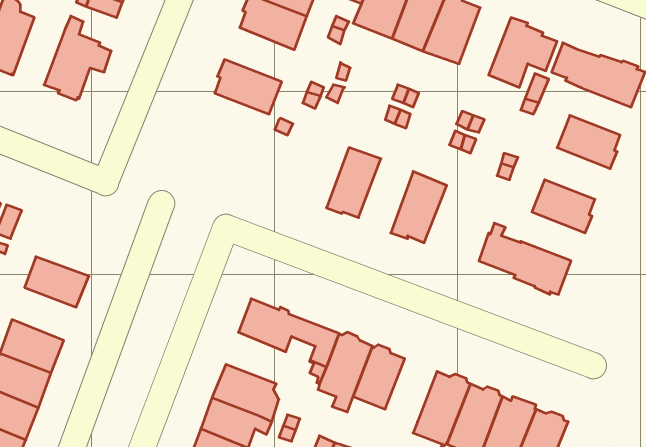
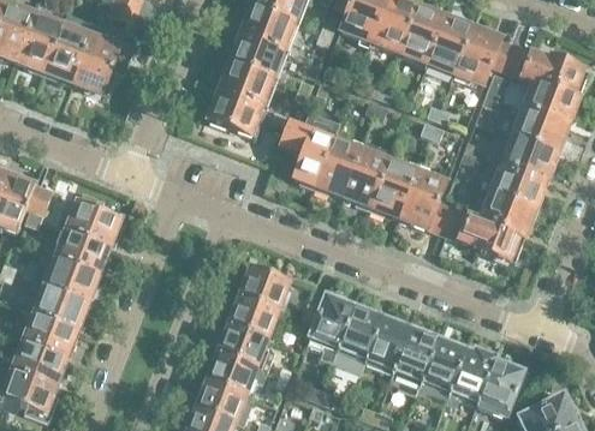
building: none -> [429,16,474,73]
building: none -> [46,24,90,82]
building: none -> [227,32,287,79]
building: none -> [524,84,577,125]
building: none -> [208,89,266,136]
building: none -> [280,119,334,187]
building: none -> [502,136,559,180]
building: none -> [343,145,389,209]
building: none -> [399,168,451,231]
building: none -> [482,191,537,233]
building: none -> [65,200,129,246]
building: none -> [44,256,100,301]
building: none -> [228,294,290,339]
building: none -> [365,316,410,371]

